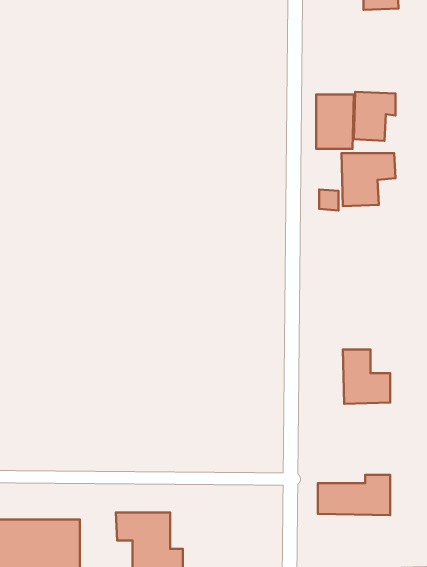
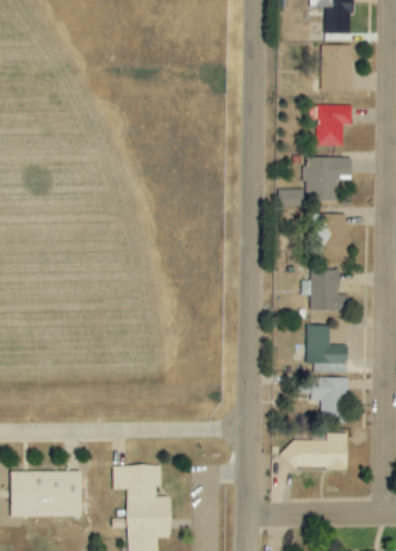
building: [316,95,354,149] -> [321,45,353,92]
building: none -> [314,213,349,258]
building: none -> [302,270,349,311]
building: none -> [303,377,346,414]

